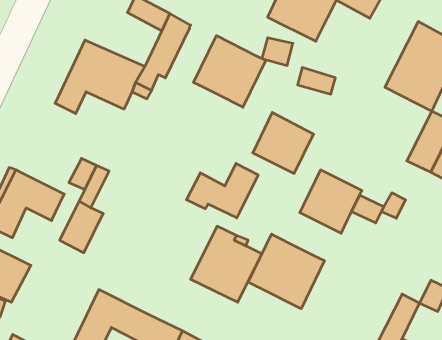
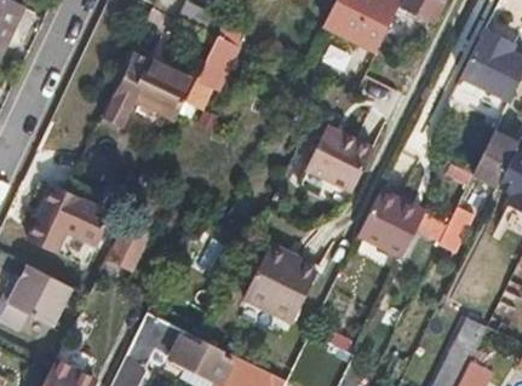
building: [194,36,266,107] -> none
building: [186,163,258,218] -> none
building: [248,234,324,309] -> none

